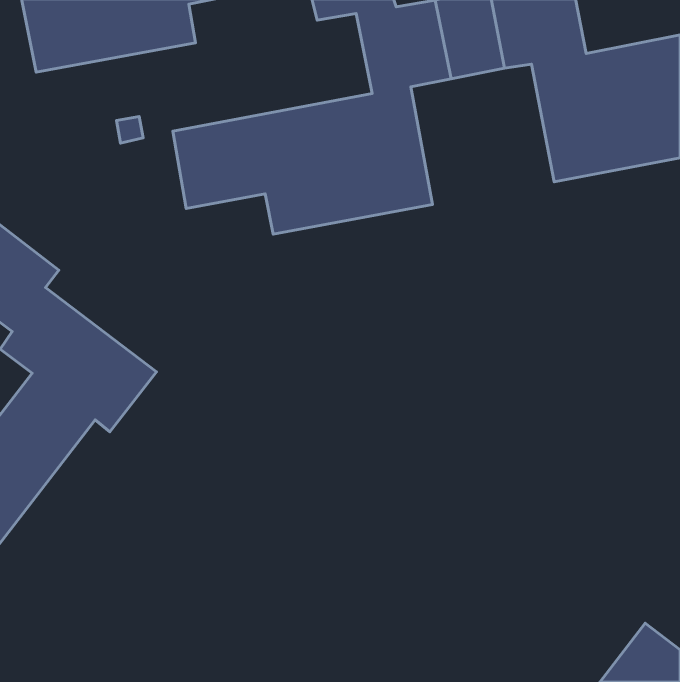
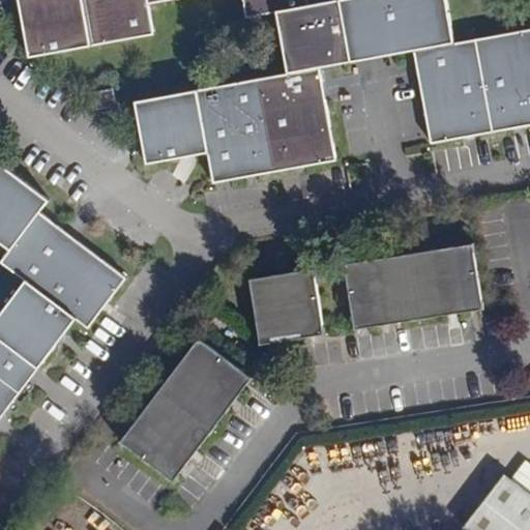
building: none -> [345,241,482,326]
building: none -> [249,266,323,342]
building: none -> [118,340,247,480]

